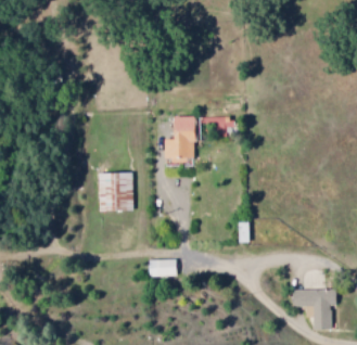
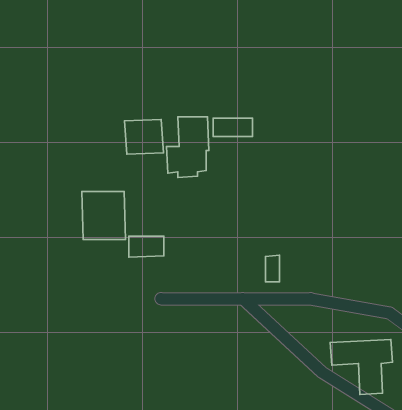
building: none -> [125,119,163,154]
building: [149,260,176,277] -> [129,236,164,257]

